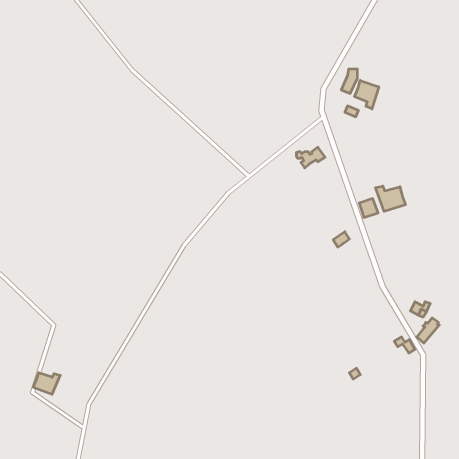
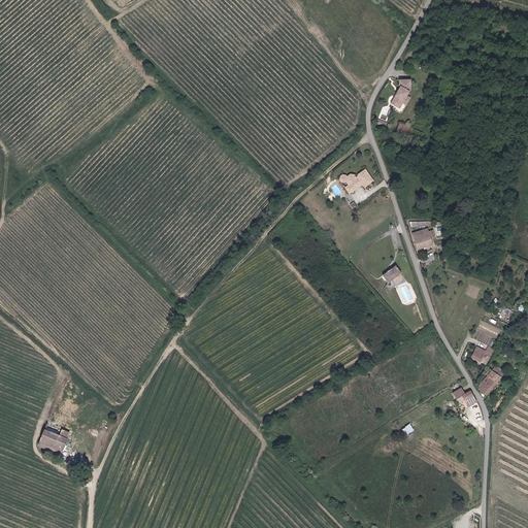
building: [355,80,379,109] -> none
building: [376,186,405,211] -> none

